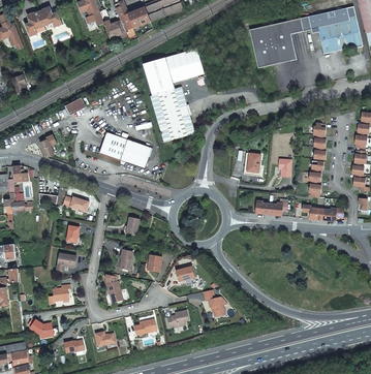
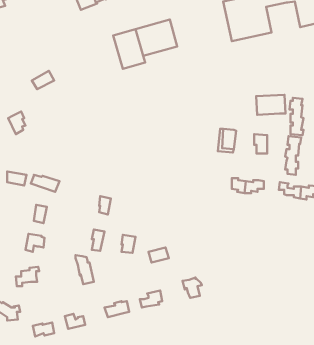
building: [149,86,193,142] -> none
building: none -> [256,95,286,115]
building: [99,132,151,167] -> none

